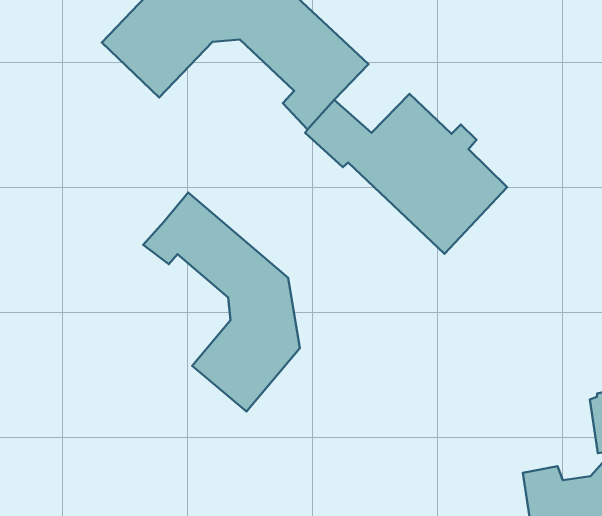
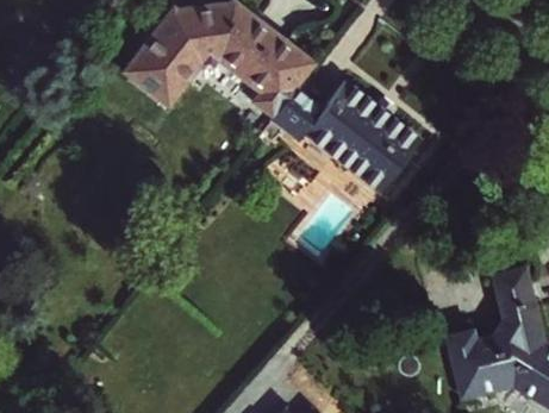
building: [143,192,300,411] -> none

